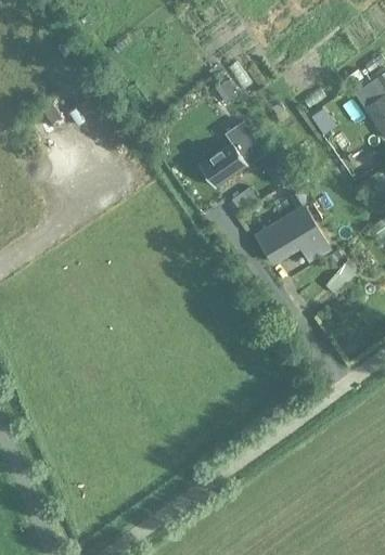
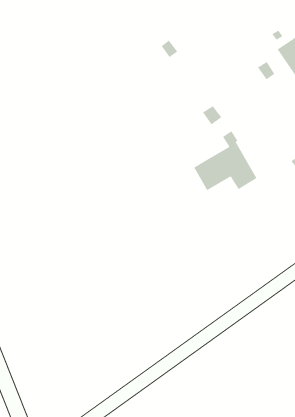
building: [198,122,264,188] -> none

